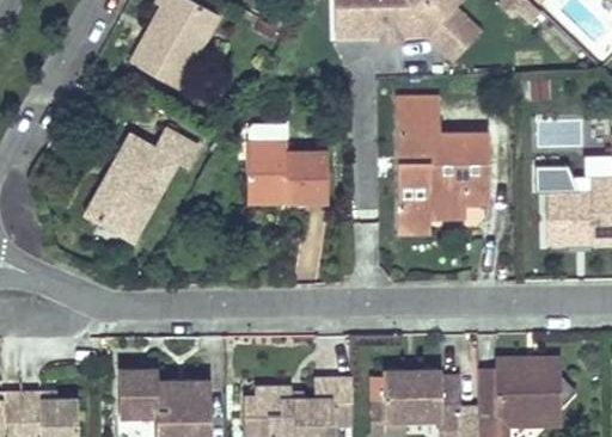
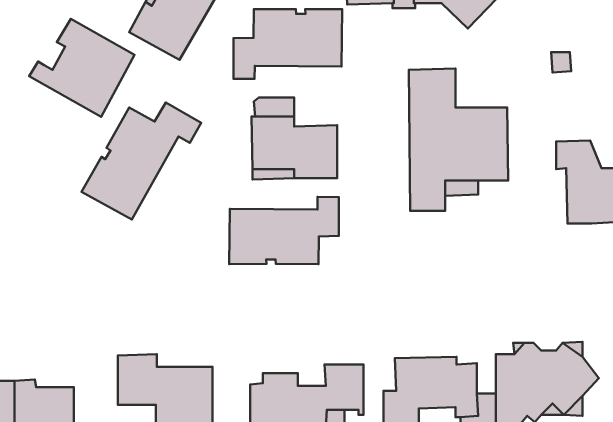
building: none -> [233,9,342,79]
building: none -> [29,19,134,117]
building: none -> [229,197,339,264]

